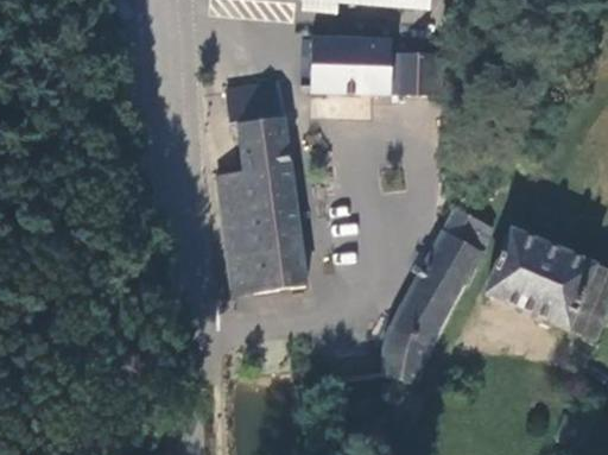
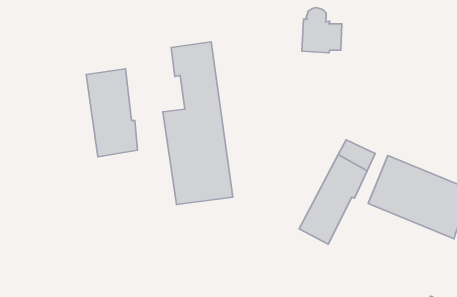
building: [312,36,390,91] -> none
building: none -> [86,69,137,157]
building: [385,324,432,380] -> none

